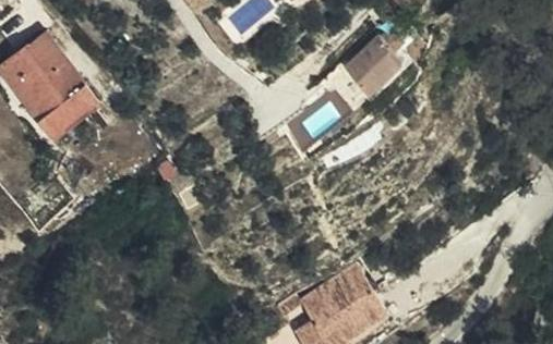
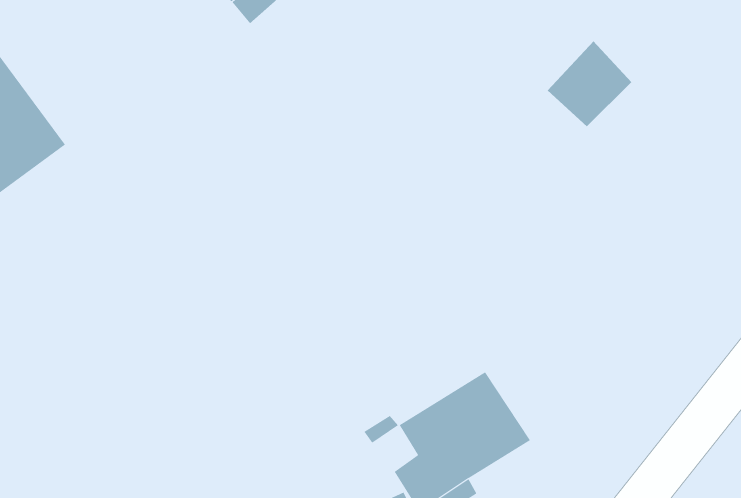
building: [341,27,397,84] -> [547,40,632,127]

